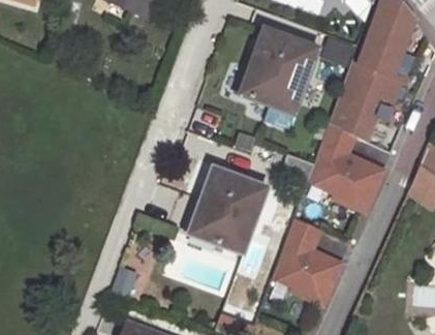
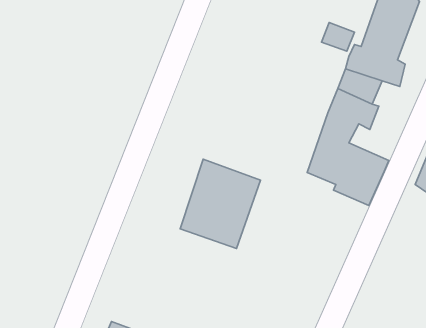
building: [241,28,317,114] -> none
building: [274,218,342,304] -> none

